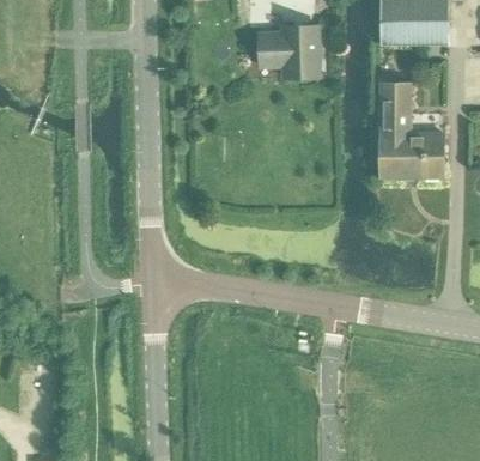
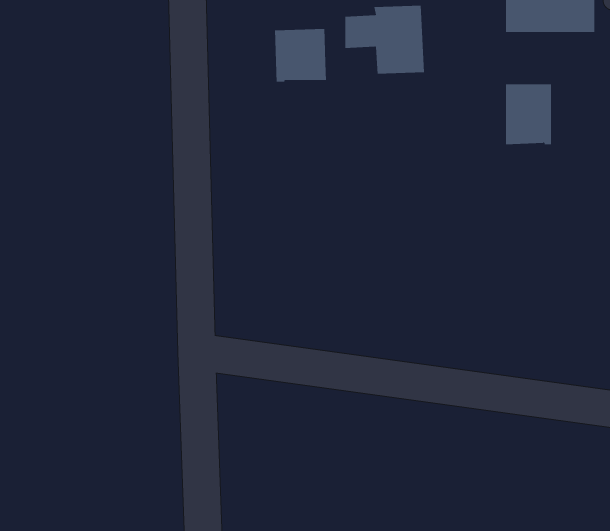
building: none -> [275,28,327,83]
building: [379,129,442,178] -> none

